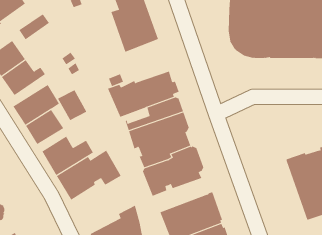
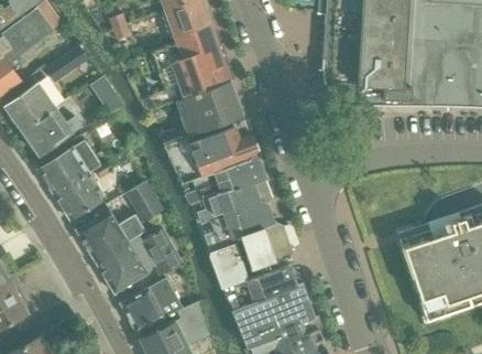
building: none -> [185,81,243,132]
building: [57,89,87,121] -> [125,178,165,219]
building: none -> [221,265,295,310]
building: none -> [119,278,182,333]

